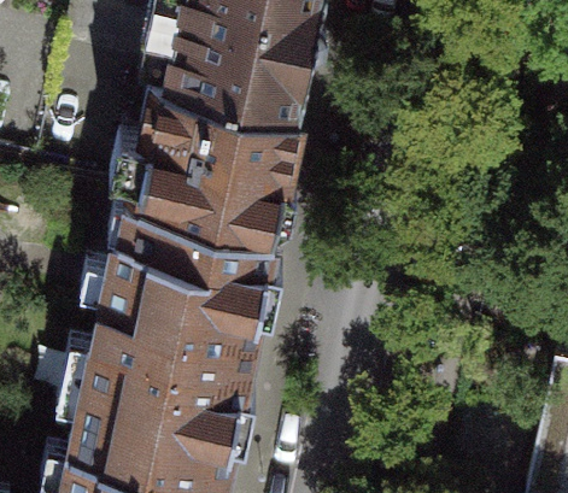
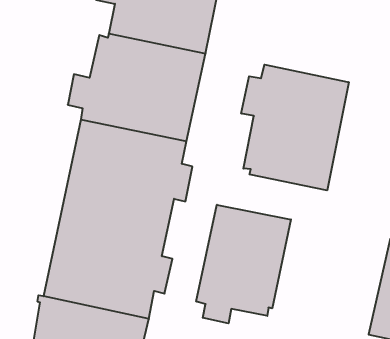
building: none -> [241,65,349,190]
building: none -> [196,205,291,323]

